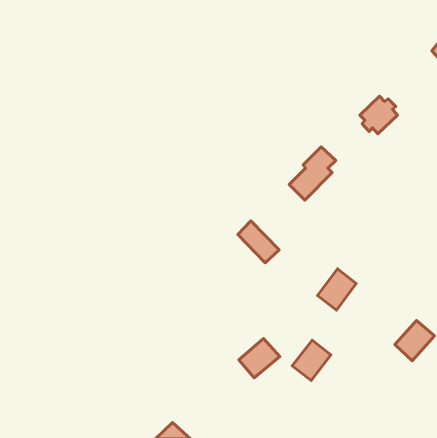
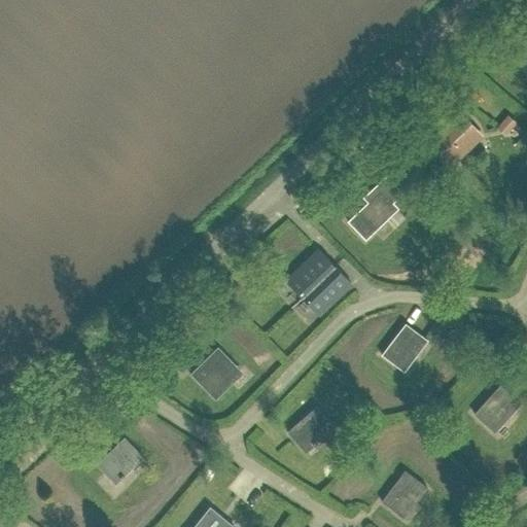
building: none -> [303,250,352,301]
building: none -> [191,347,240,400]
building: [292,340,331,381] -> [383,470,429,519]
building: none -> [98,437,145,485]

